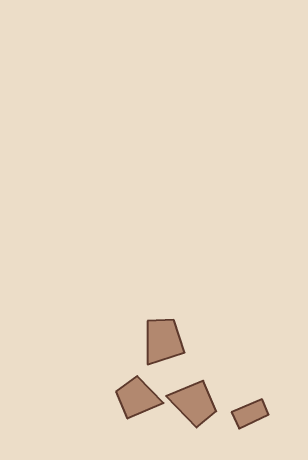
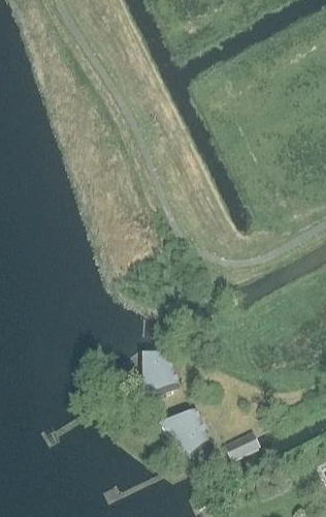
building: [116,376,164,419] -> none

